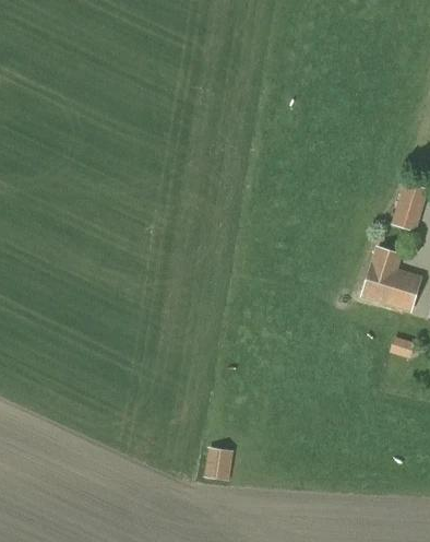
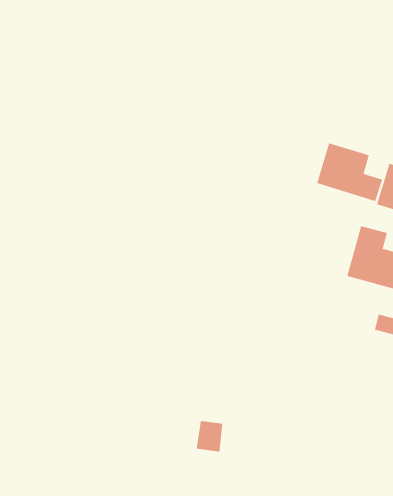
building: none -> [317,142,383,202]

